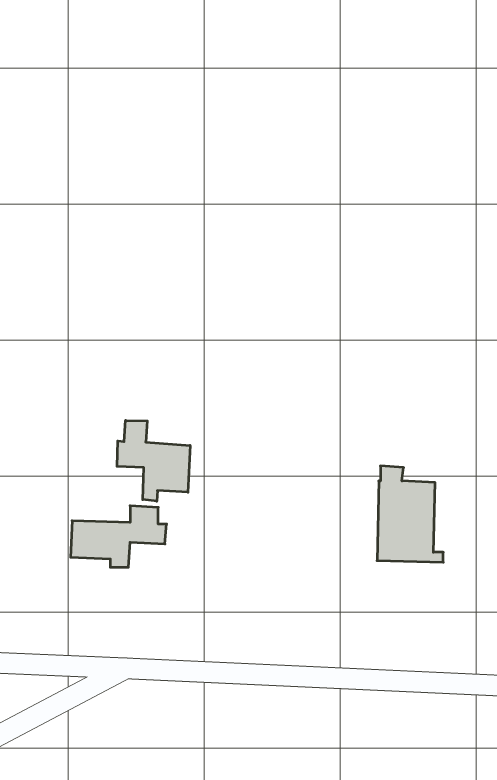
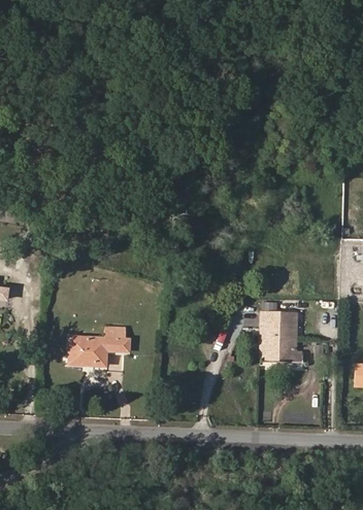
building: [117,420,190,501] -> none

